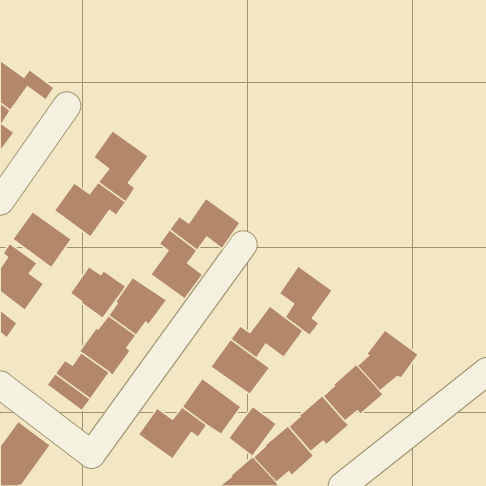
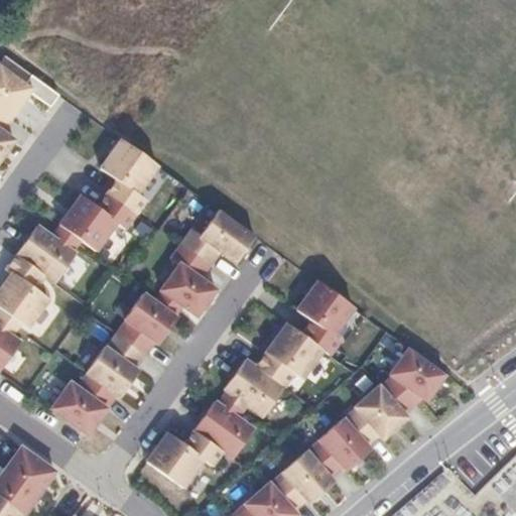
building: [70,266,126,319] -> none
building: [229,406,276,456] -> none

